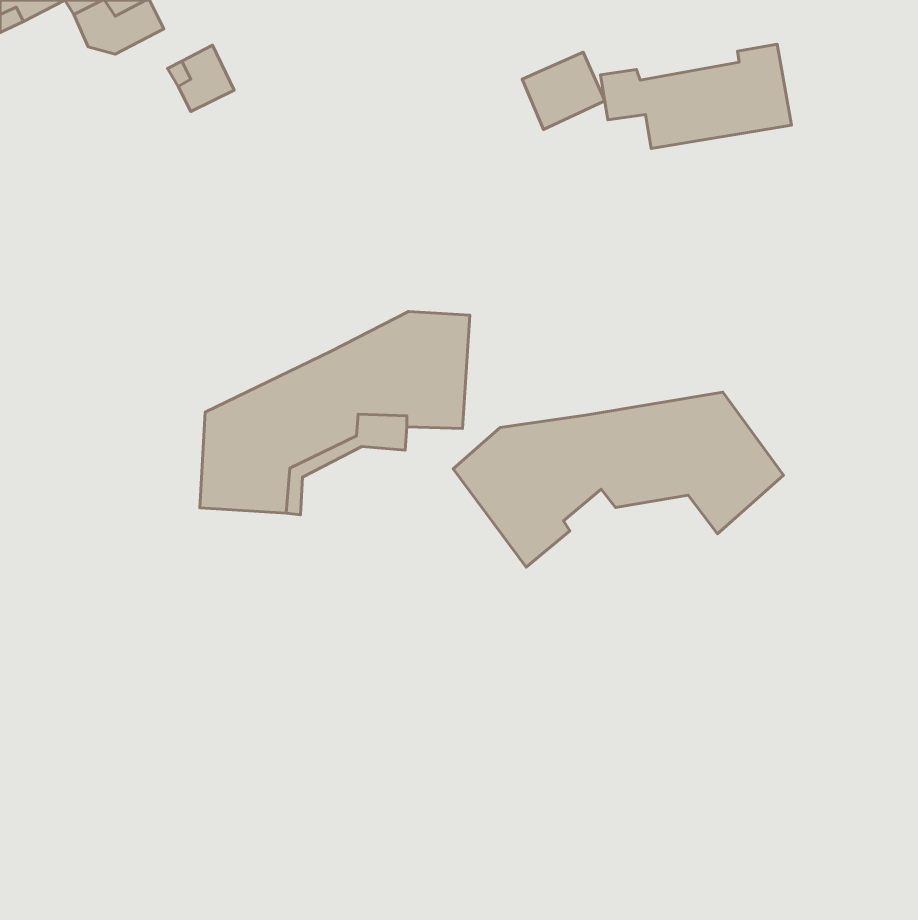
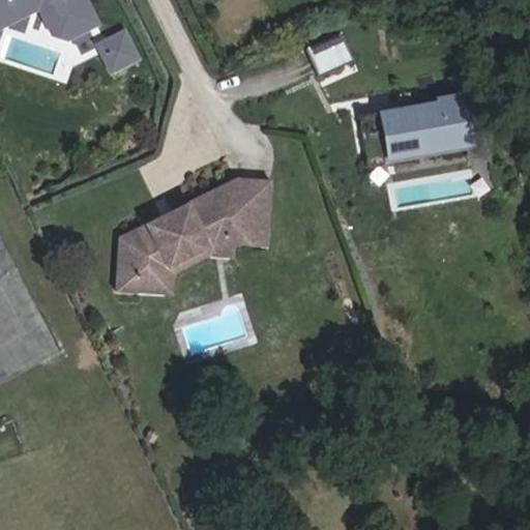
building: [601,44,791,149] -> [354,93,464,153]
building: [453,392,784,567] -> none

